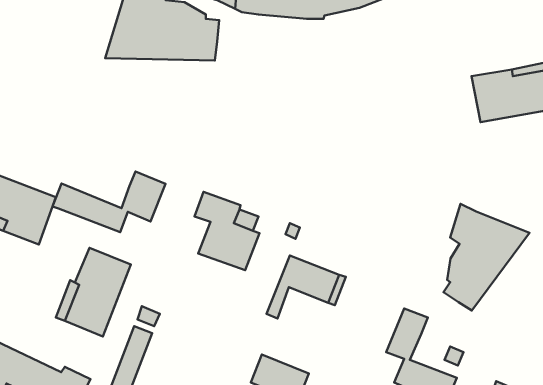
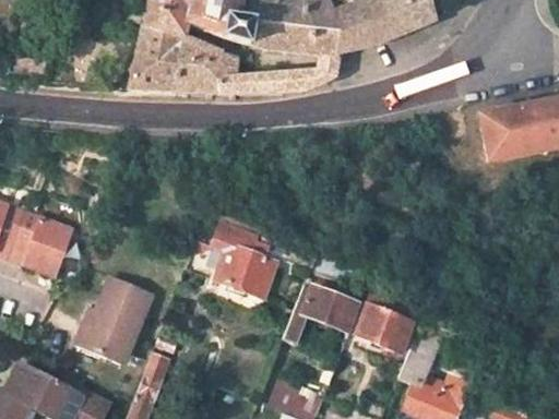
building: none -> [231,53,337,94]
building: [52,171,166,232] -> none
building: [443,204,530,311] -> none
building: none -> [356,301,414,350]

